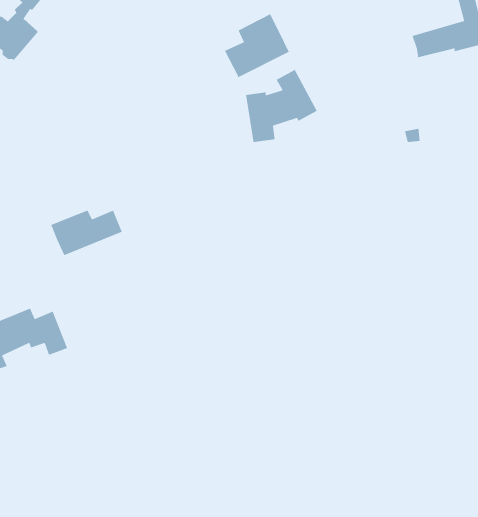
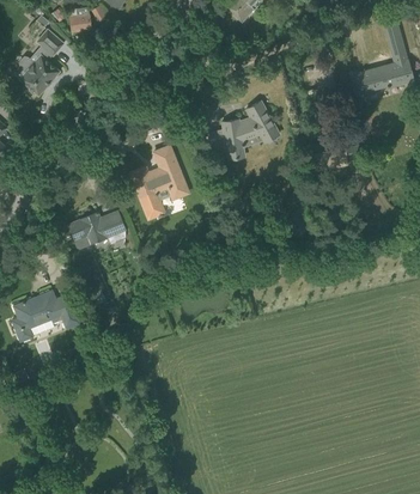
building: [224,13,290,78] -> none
building: none -> [129,145,188,218]

